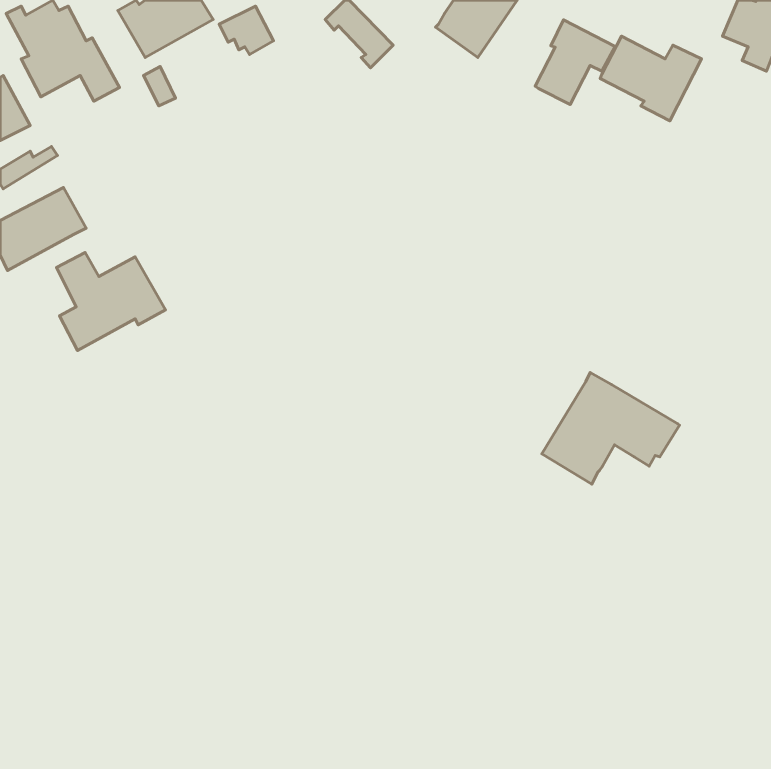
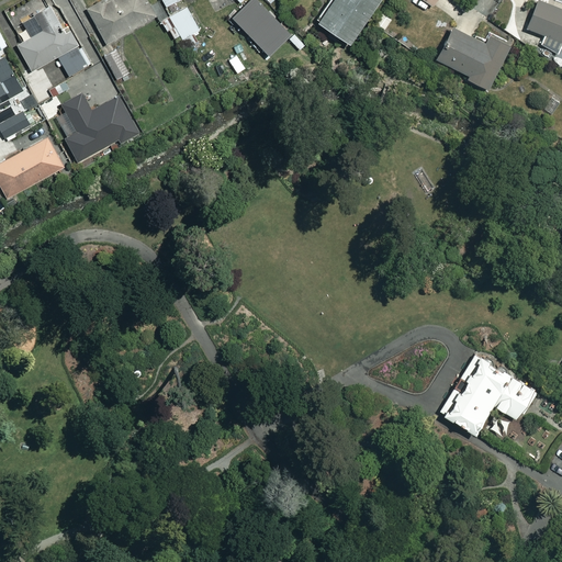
building: [535,20,615,105] -> none
building: [56,252,165,351] -> [60,90,139,161]
building: [542,372,679,484] -> [438,350,538,431]

